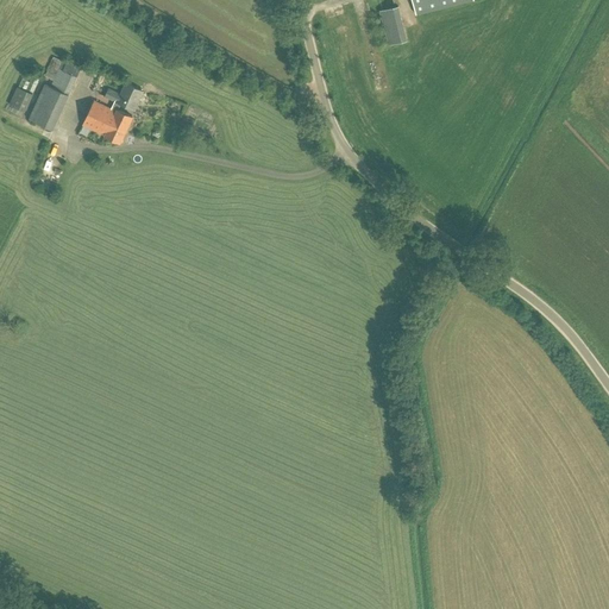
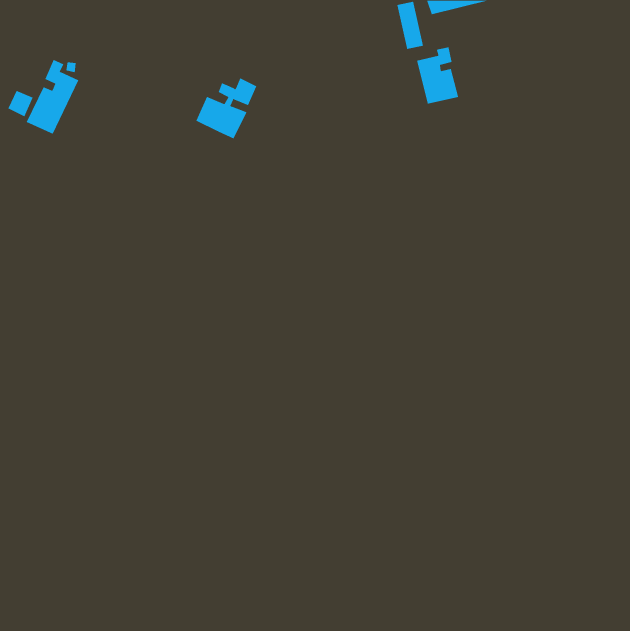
building: none -> [416,46,459,104]
building: [82,83,142,143] -> [196,77,257,139]

